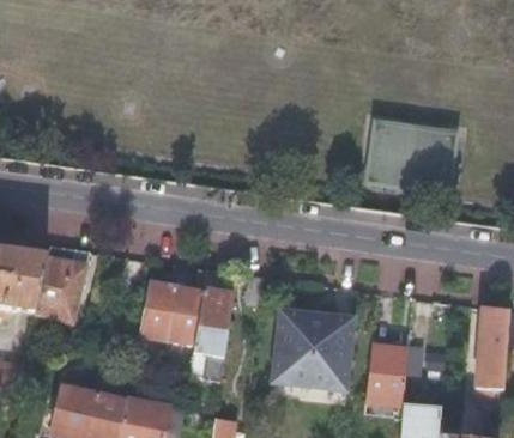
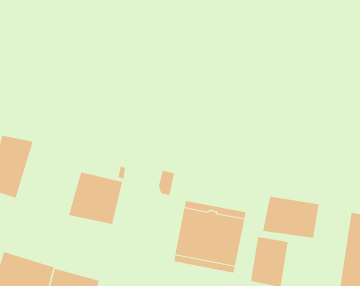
building: [367,118,456,190] -> none
building: [192,290,232,378] -> none
building: none -> [262,196,319,238]

